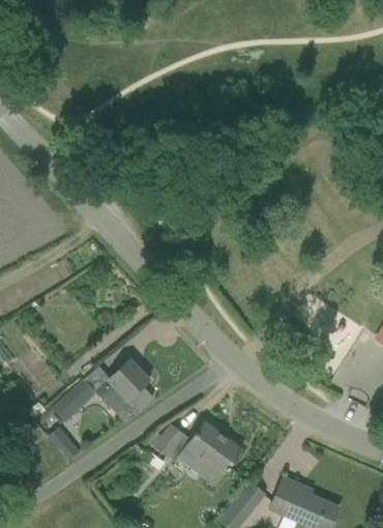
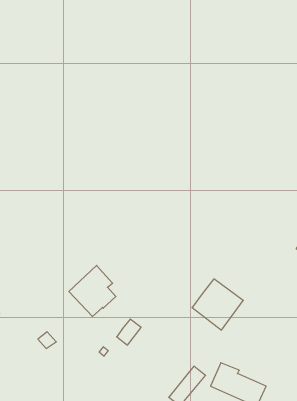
building: [52,377,95,420] -> none
building: [178,421,241,485] -> [192,279,243,330]

